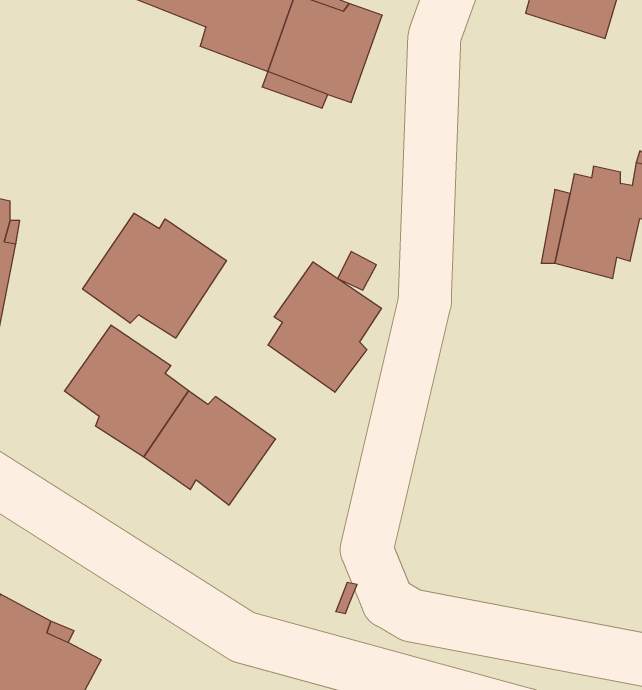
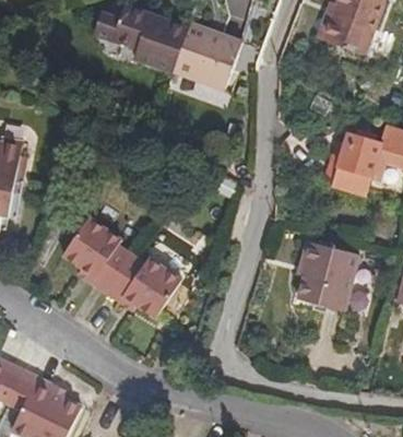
building: [83,213,226,338] -> none
building: [268,262,381,392] -> none
building: none -> [306,239,364,308]

